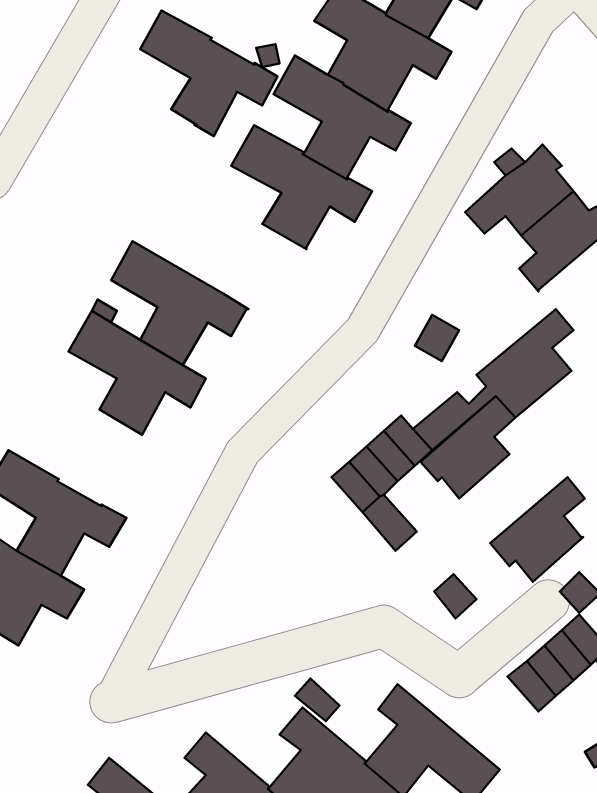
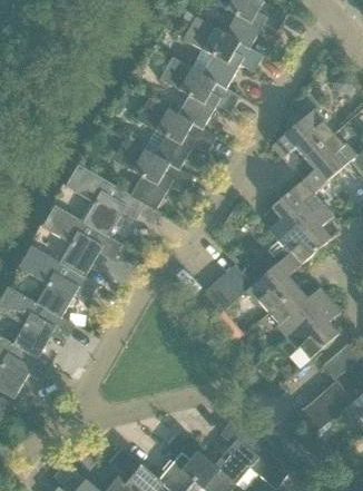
building: [140,11,278,136] -> [114,137,193,209]
building: none -> [267,179,323,240]
building: none -> [19,244,99,316]
building: none -> [267,286,330,337]

